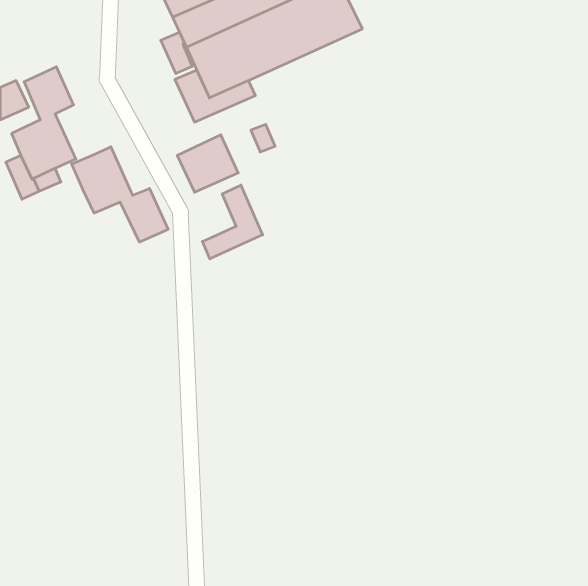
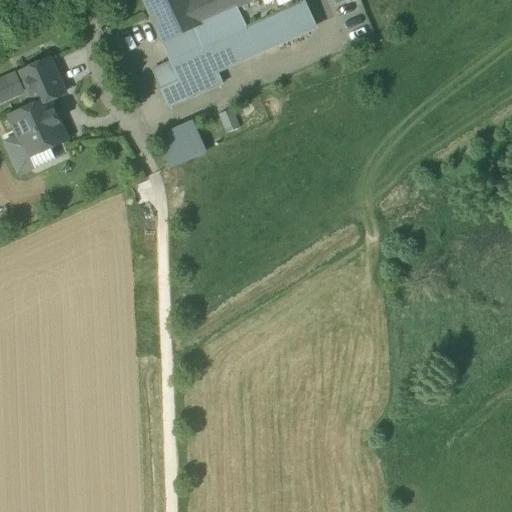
building: [161,32,192,74] -> none
building: [72,147,168,242] -> none
building: [202,185,263,259] -> none

